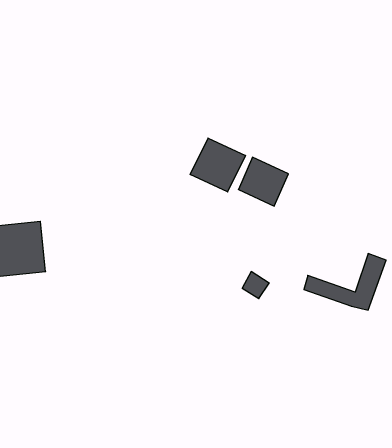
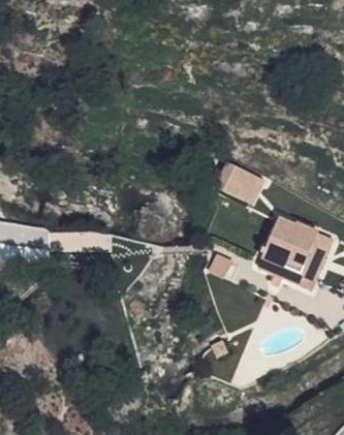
building: [190,138,245,192] -> none
building: none -> [267,215,318,269]

